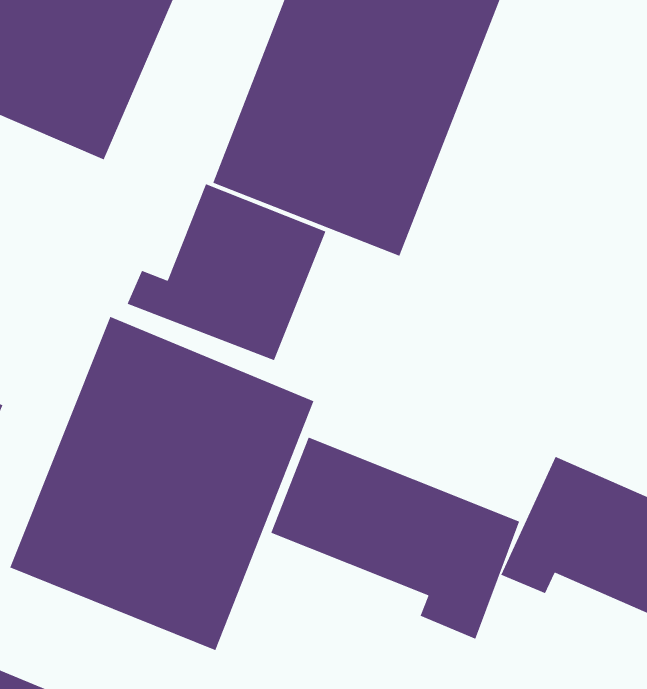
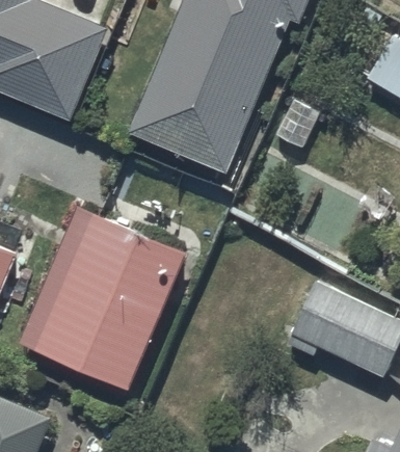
building: [126,183,326,361] -> none
building: [270,437,520,640] -> none

